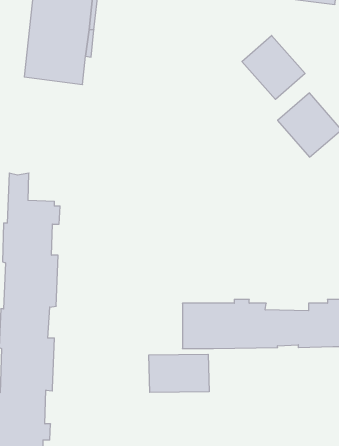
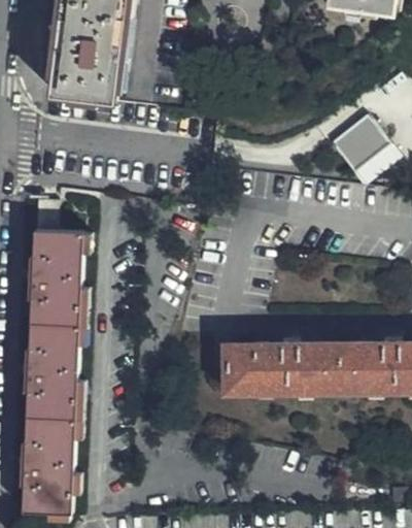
building: [242,35,305,99] -> none
building: [149,354,209,392] -> none

